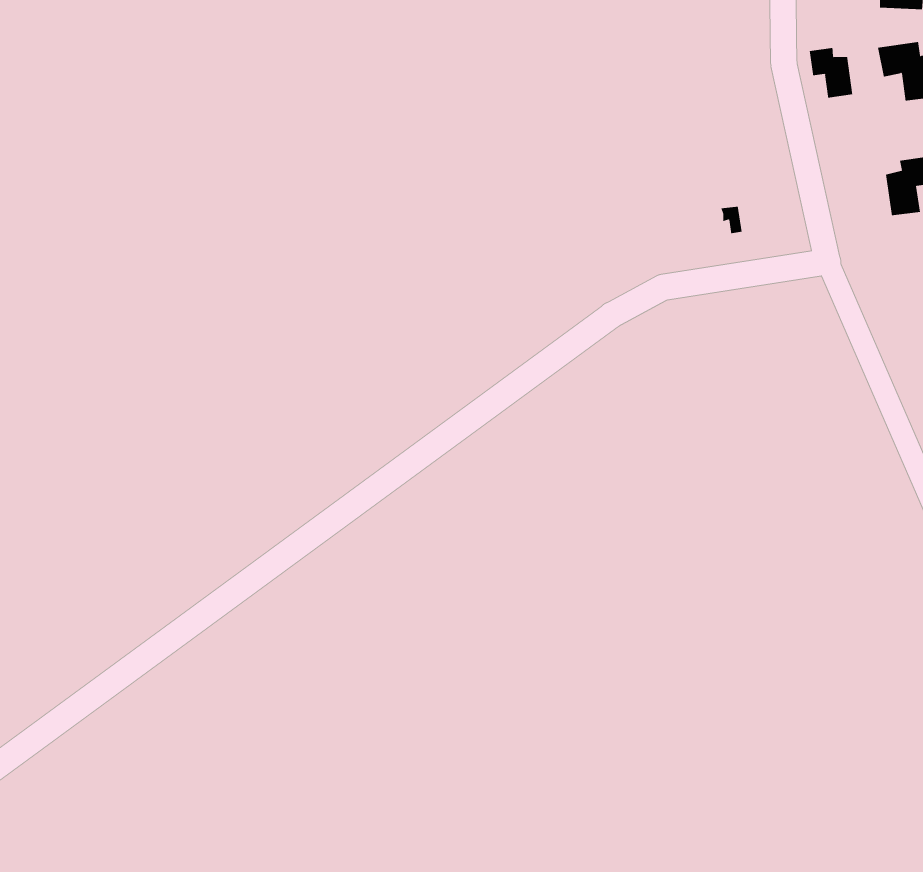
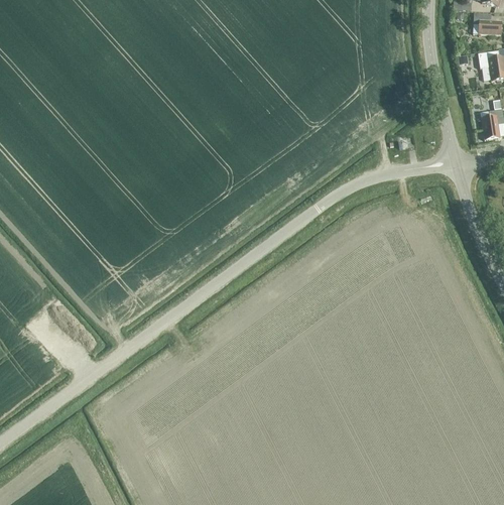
building: [809,47,853,99] -> none

